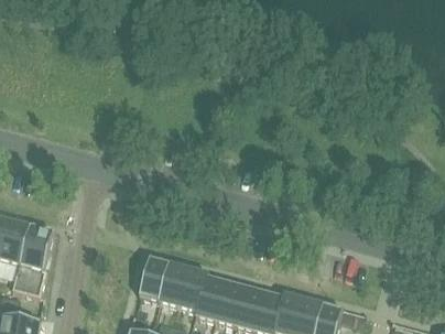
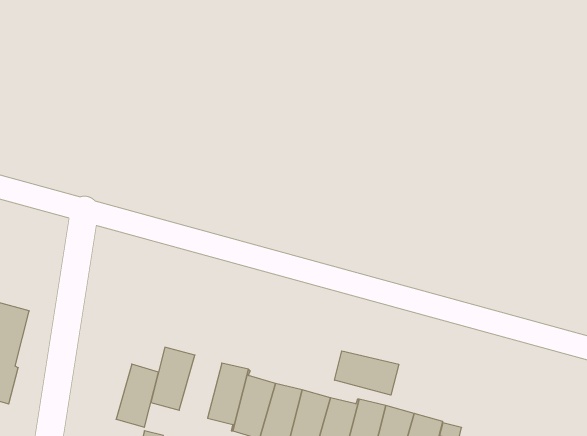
building: none -> [335,351,399,395]
building: [158,260,187,304] -> [116,364,159,427]

